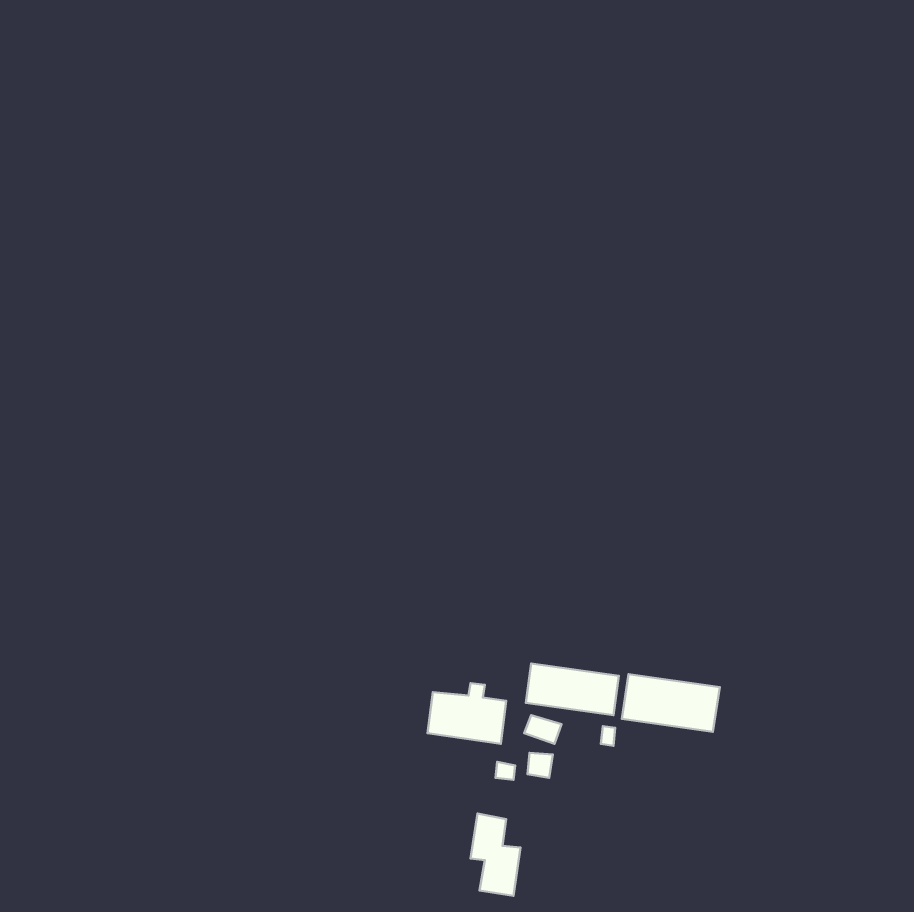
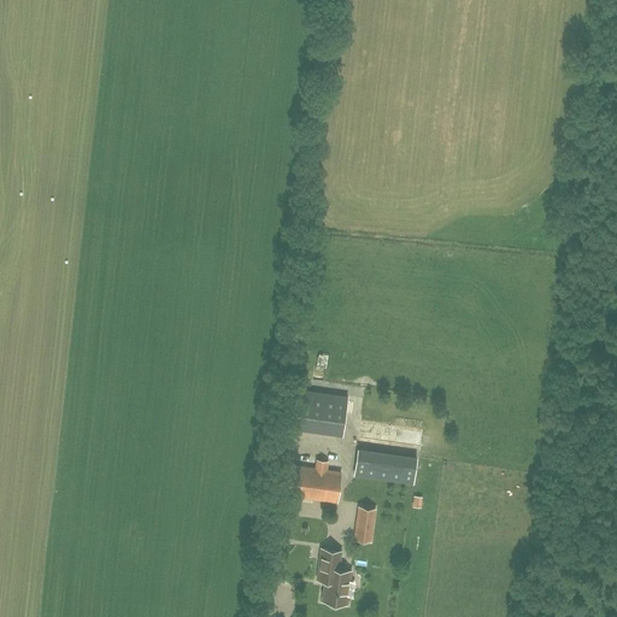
building: none -> [284,389,347,436]
building: [622,674,720,732] -> none

